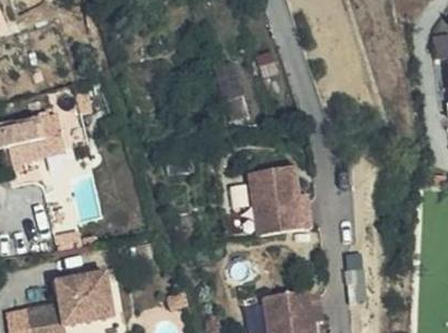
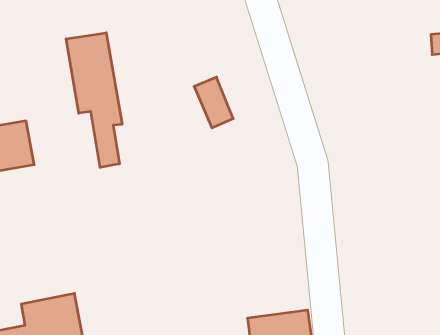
building: none -> [66,33,122,167]
building: [247,166,312,235] -> none

